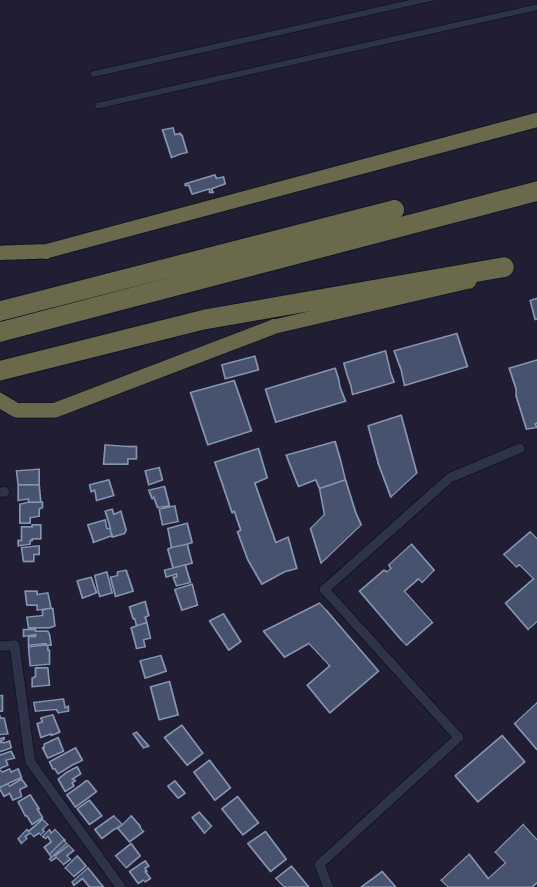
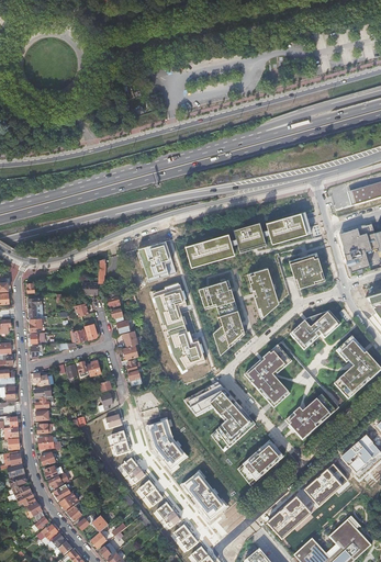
building: none -> [290,249,326,286]
building: none -> [290,310,343,349]
building: none -> [285,393,336,439]
building: none -> [147,419,187,470]
building: none -> [237,438,284,484]
building: none -> [182,472,226,519]
building: none -> [268,496,311,538]

